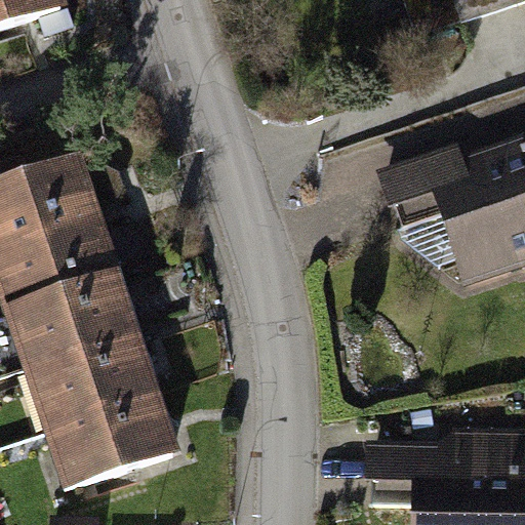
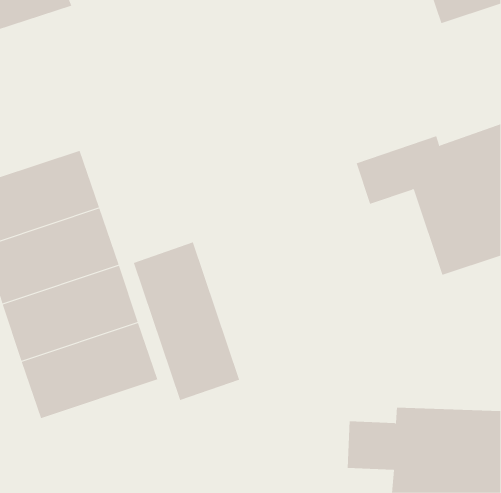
building: none -> [133,242,240,401]
building: [42,394,184,494] -> none

